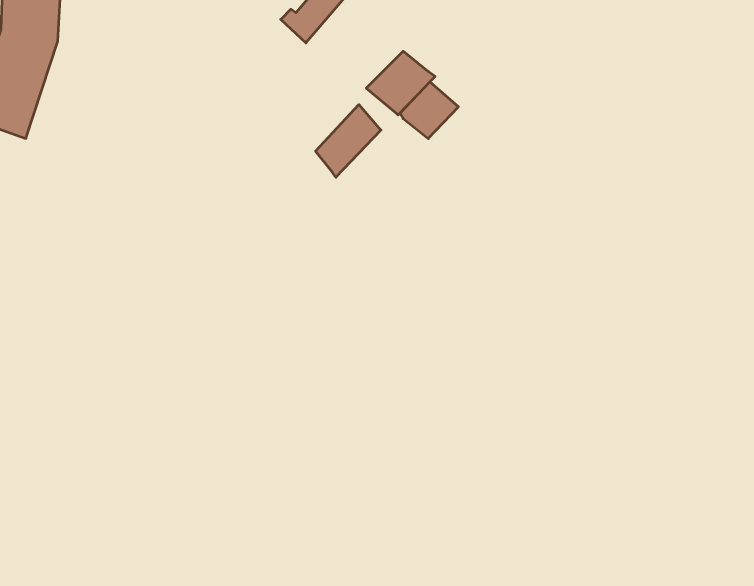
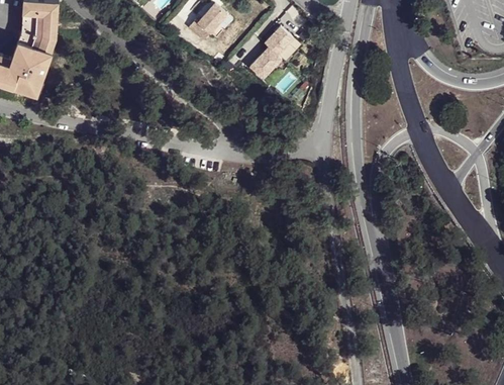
building: [400,82,458,139] -> [263,24,298,59]
building: [316,105,381,177] -> none

